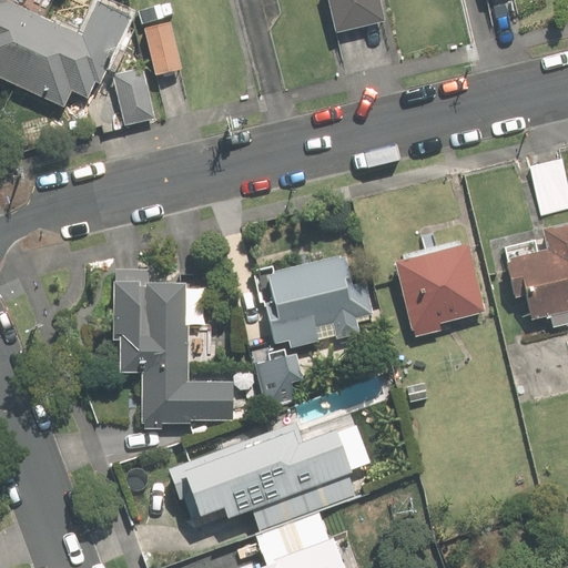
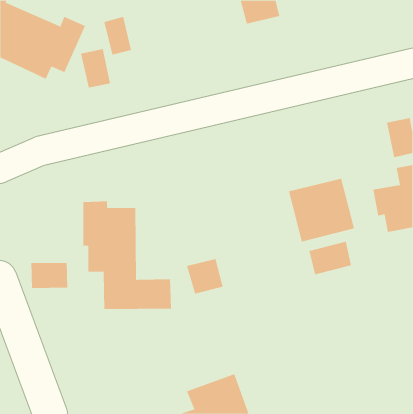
building: [266,255,374,346] -> none
building: none -> [309,241,351,275]
building: none -> [31,262,68,289]
building: [169,423,359,529] -> none

